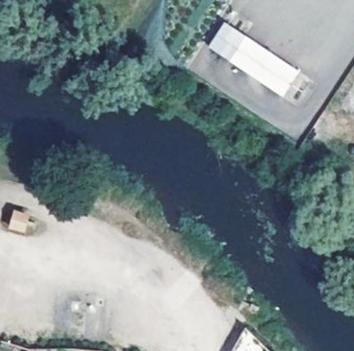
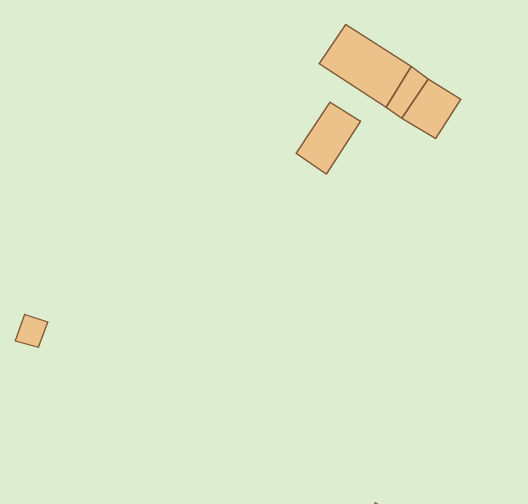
building: none -> [296,102,361,174]

